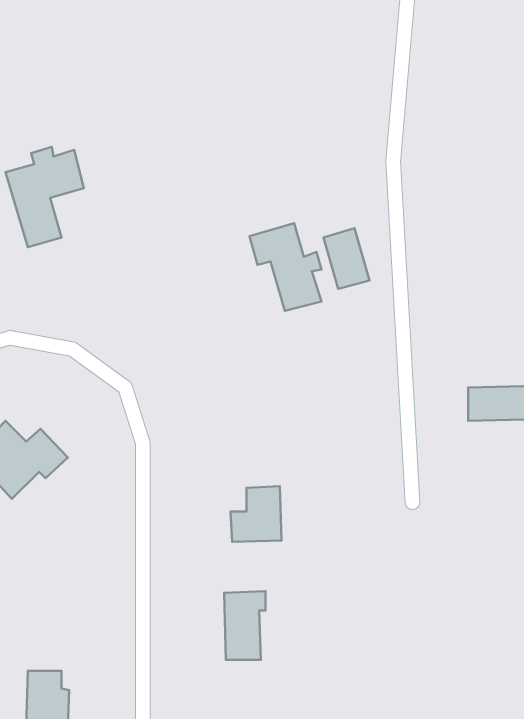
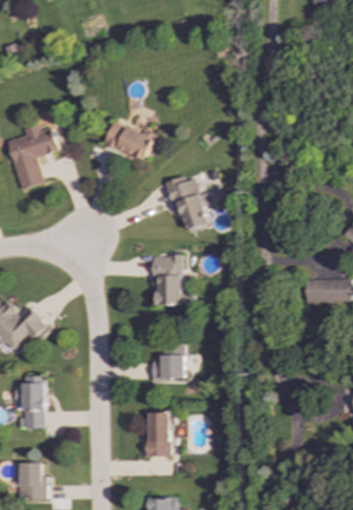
building: none -> [101,121,154,162]
building: [324,228,369,289] -> none
building: none -> [152,254,193,305]
building: none -> [22,375,44,428]

